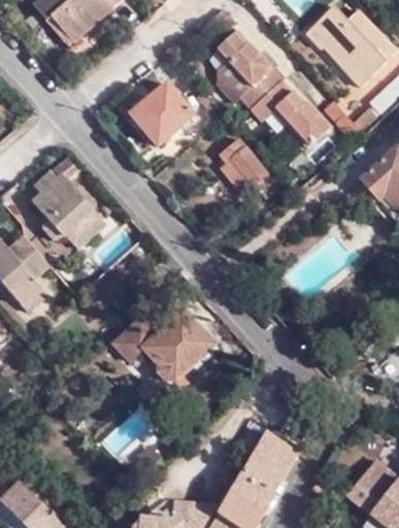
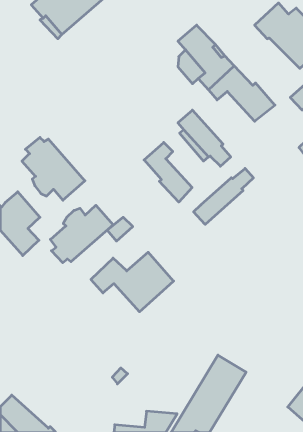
building: [133,85,196,147] -> none
building: none -> [144,142,192,202]
building: none -> [194,168,253,224]
building: none -> [50,205,113,263]

